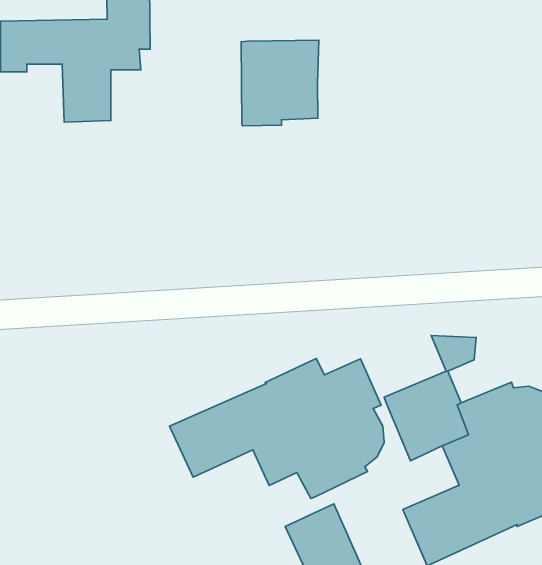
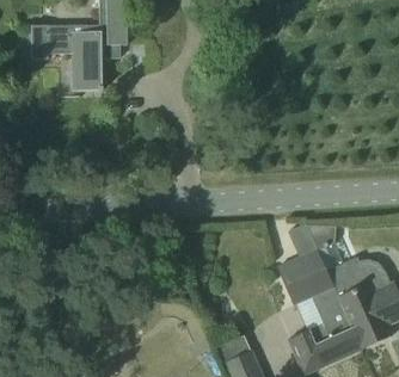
building: [241,40,319,126] -> none
building: [170,358,384,499] -> none

